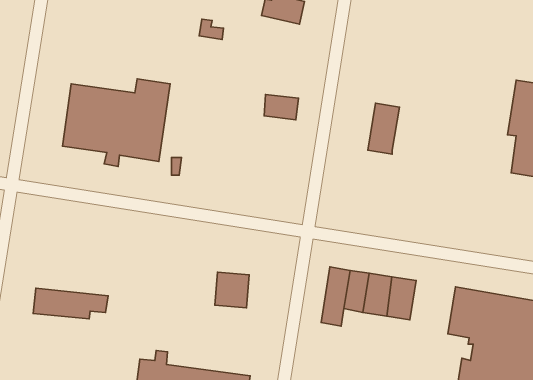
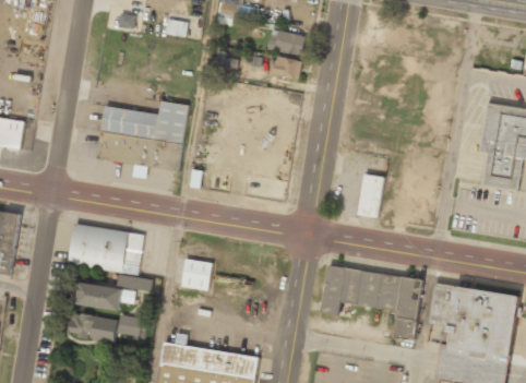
building: [264,94,298,120] -> [271,56,300,77]
building: [368,103,400,154] -> [356,172,383,216]
building: none -> [68,225,143,275]
building: [215,272,249,308] -> [181,259,211,289]
building: none -> [391,275,421,338]
building: none -> [69,312,144,340]

